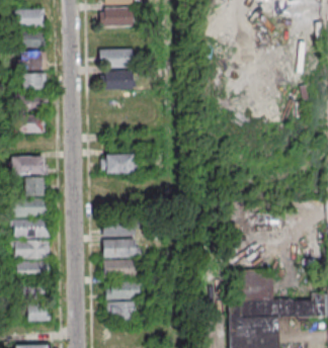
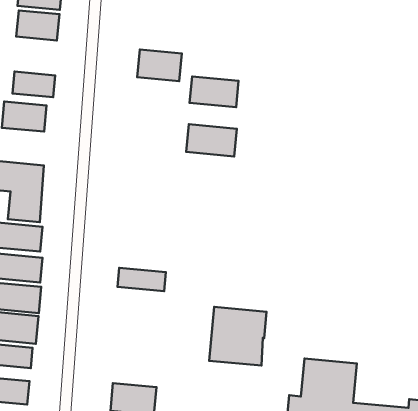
building: [100,49,133,67] -> [190,77,239,107]
building: [20,72,47,89] -> none
building: [101,153,135,172] -> [186,124,237,156]
building: [103,239,140,276] -> [209,307,267,366]
building: [105,280,140,298] -> none

